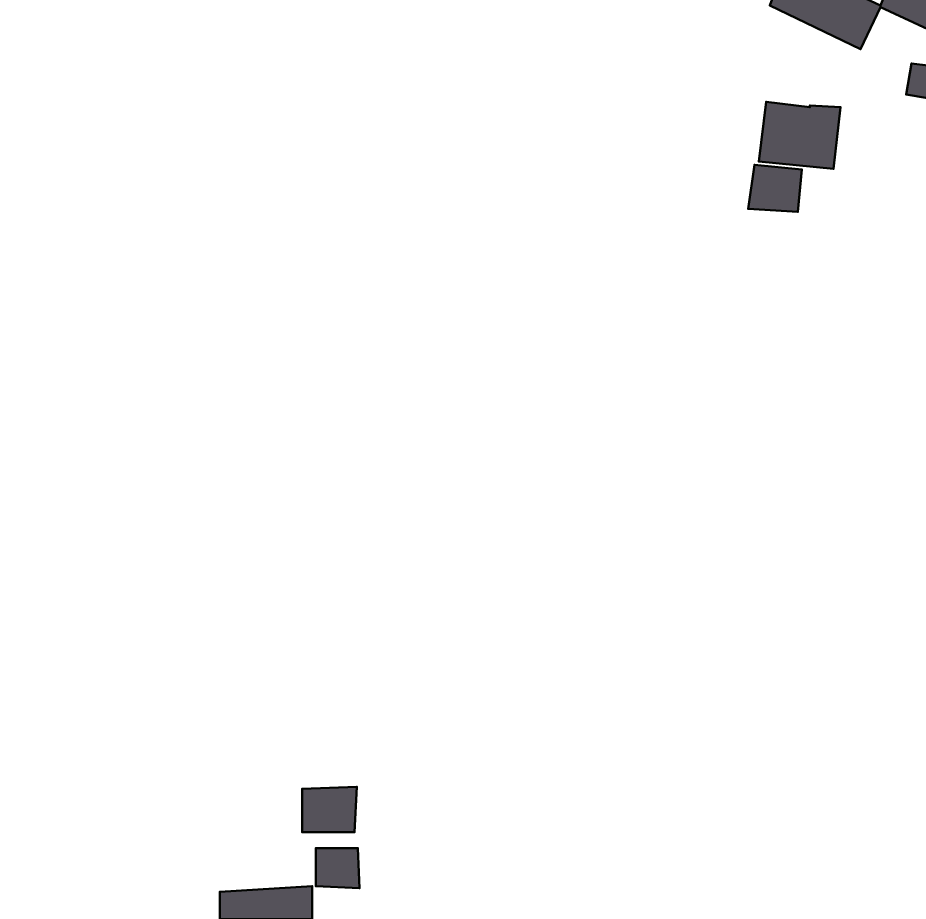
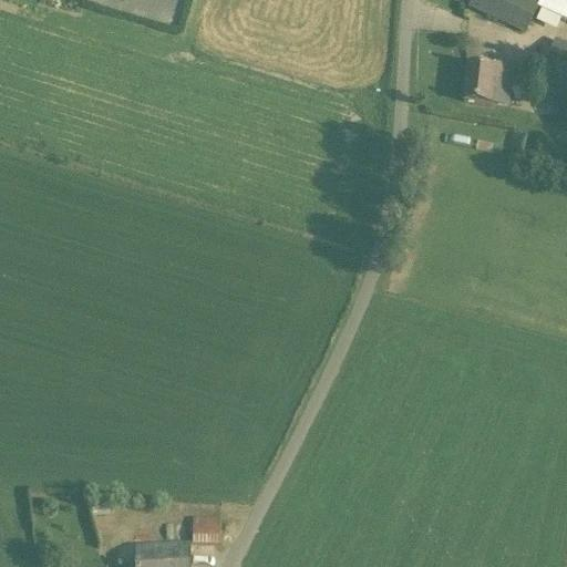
building: [748,165,802,212] -> none
building: [302,787,357,832] -> none

